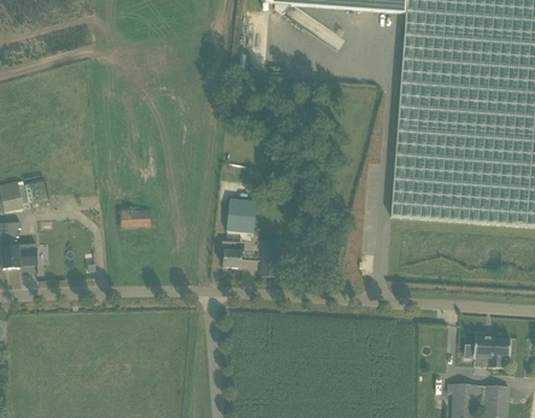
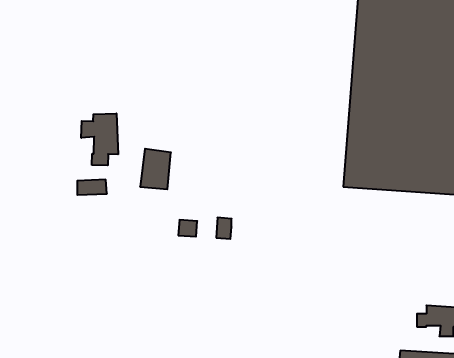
building: none -> [81,113,118,165]
building: [225,198,257,239] -> [140,149,171,189]

